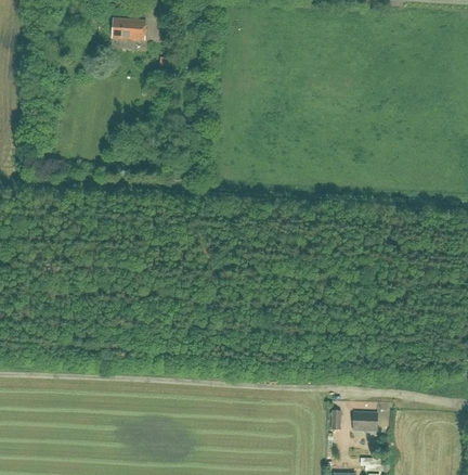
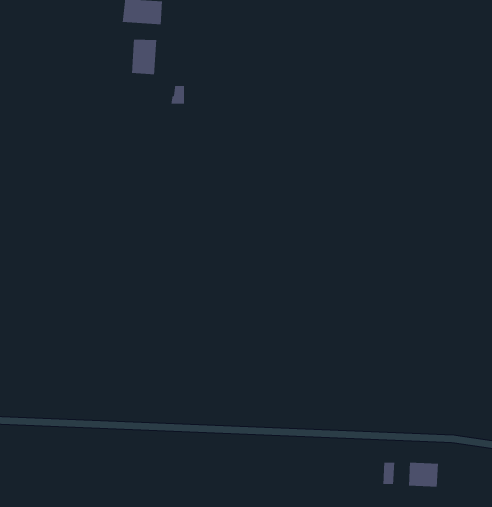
building: none -> [131,39,157,75]

